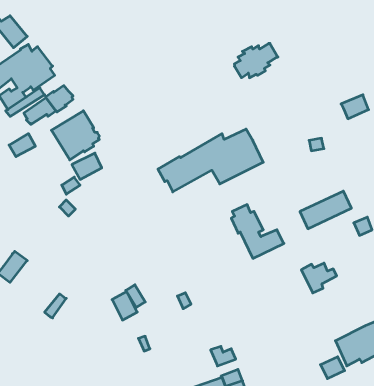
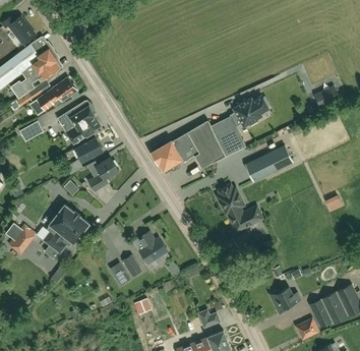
building: [234,43,278,78] -> [229,97,267,127]
building: none -> [87,158,118,191]
building: [300,191,351,229] -> [245,147,291,180]
building: none -> [43,204,88,252]
building: none -> [133,232,167,264]
building: [301,263,337,293] -> [267,288,299,314]

